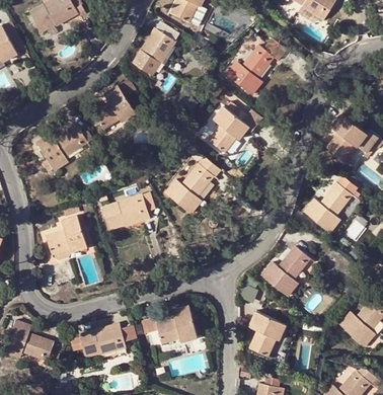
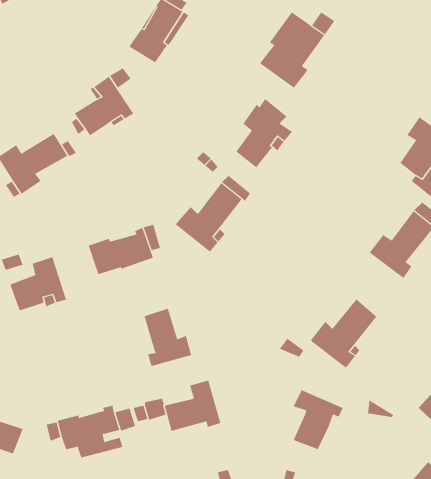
building: none -> [144,308,192,367]

